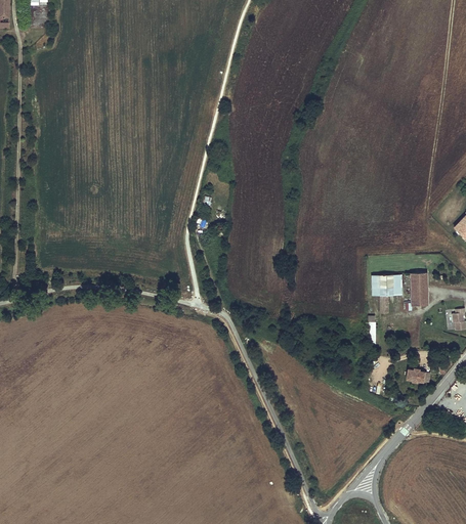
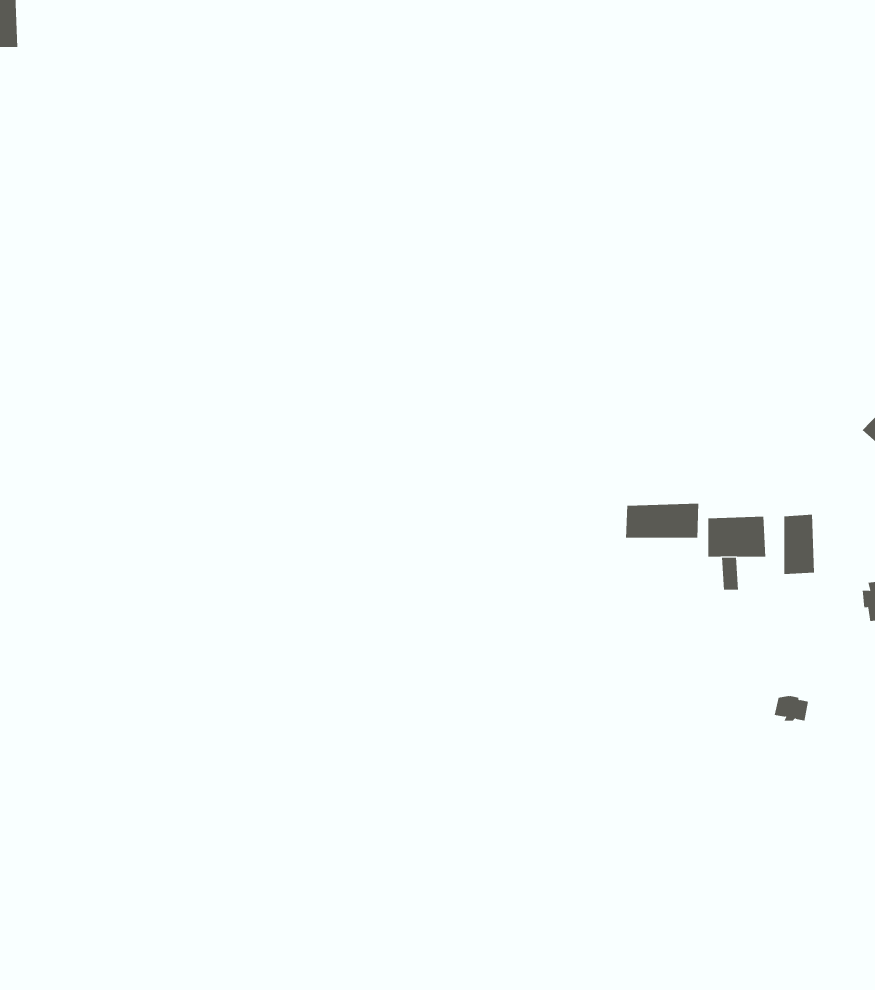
building: none -> [626,503,699,539]

